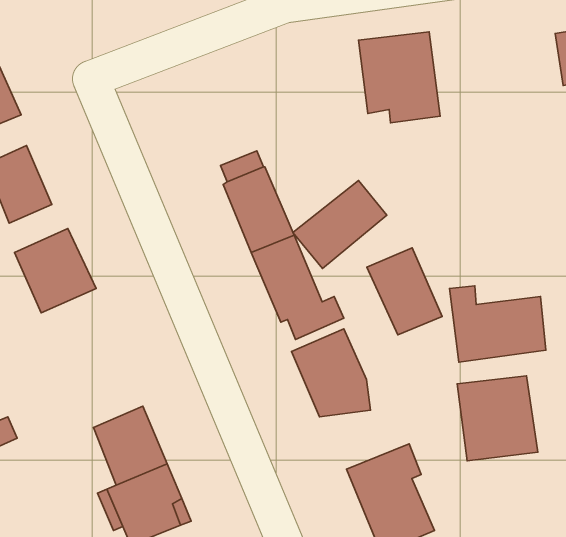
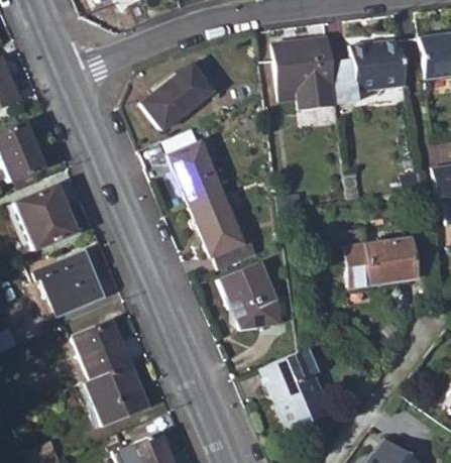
building: none -> [332,38,408,101]
building: [293,180,387,269] -> [141,64,212,130]
building: [367,248,442,335] -> none
building: none -> [30,252,102,319]
building: [457,376,538,461] -> none

